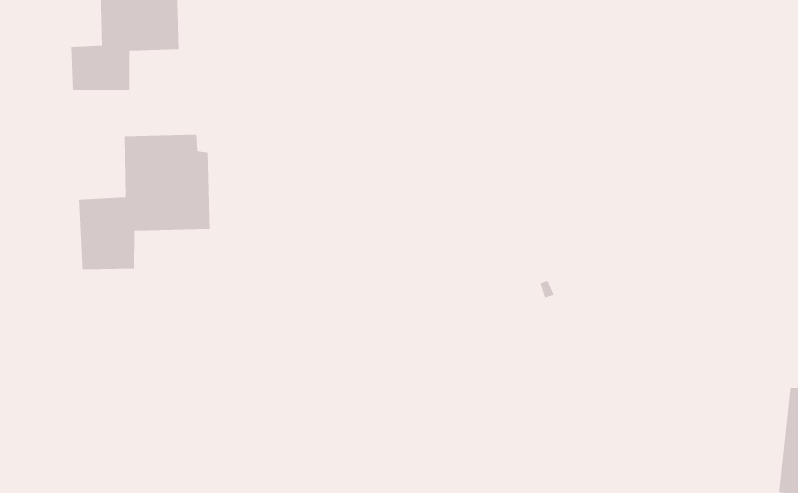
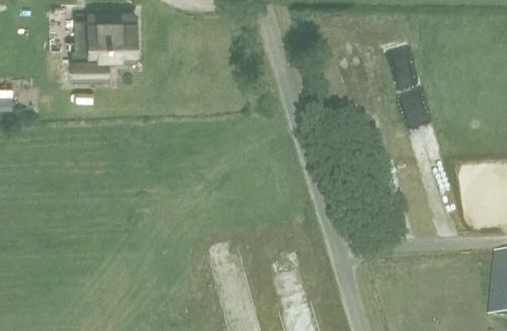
building: [78,134,211,270] -> none

